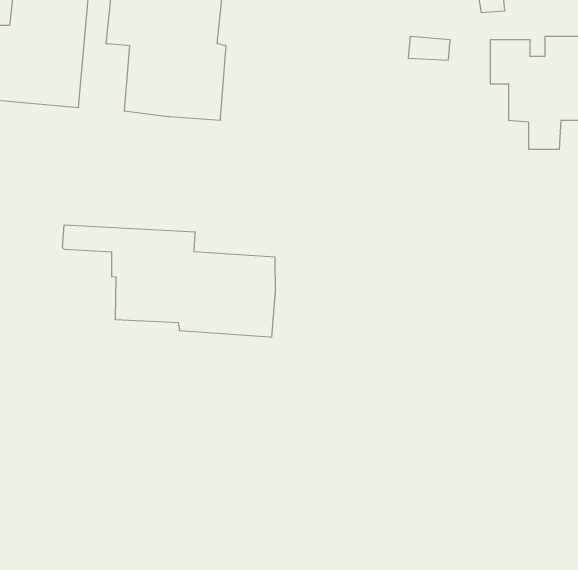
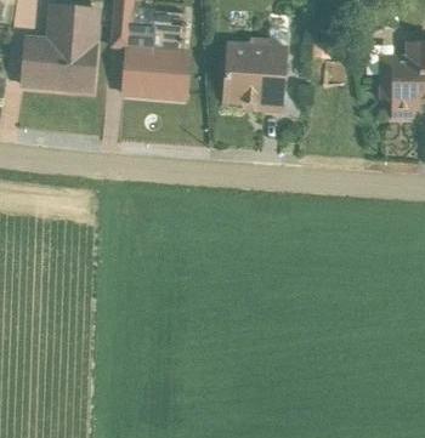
building: none -> [223,28,287,112]
building: [62,225,275,337] -> none

